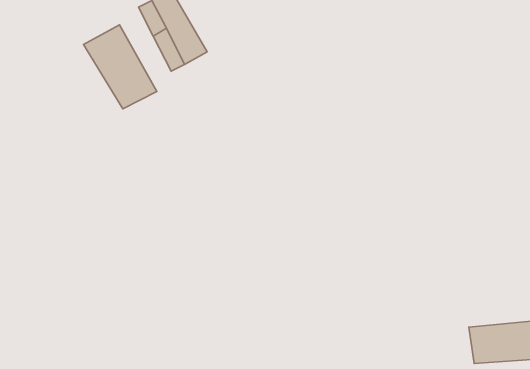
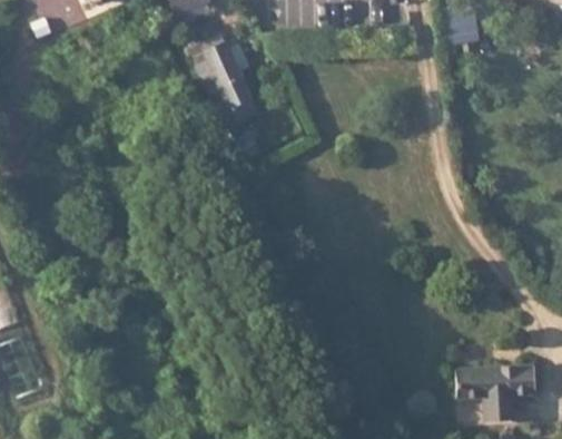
building: [84,25,157,109] -> none

